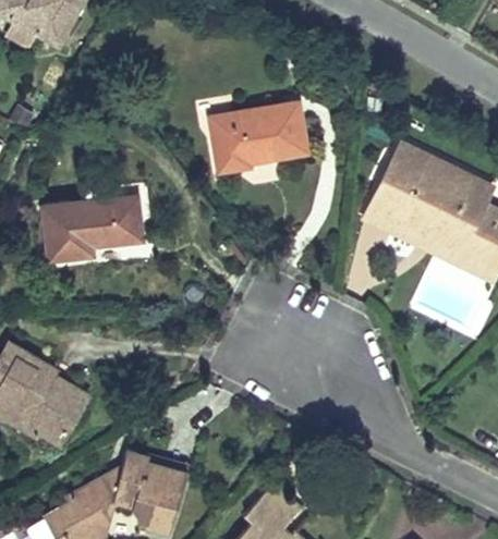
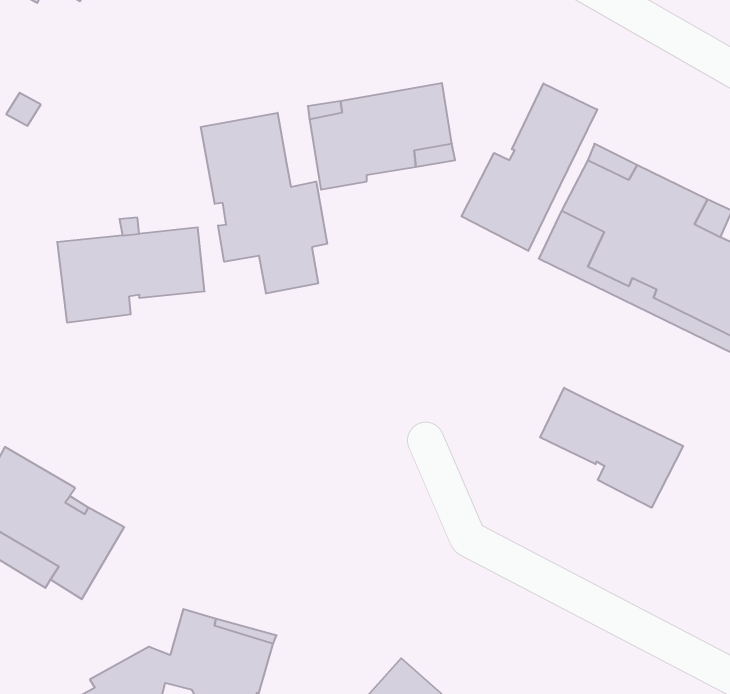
building: none -> [462,83,597,251]
building: none -> [201,113,327,294]
building: none -> [540,388,683,508]

